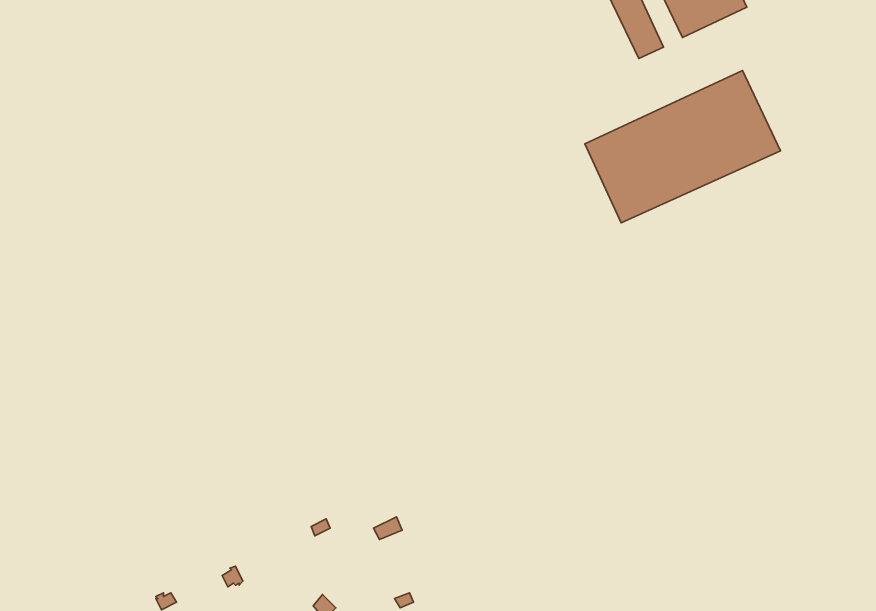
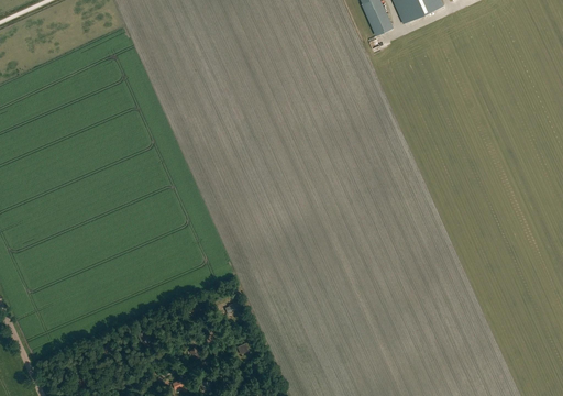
building: [585,71,780,223] -> none

